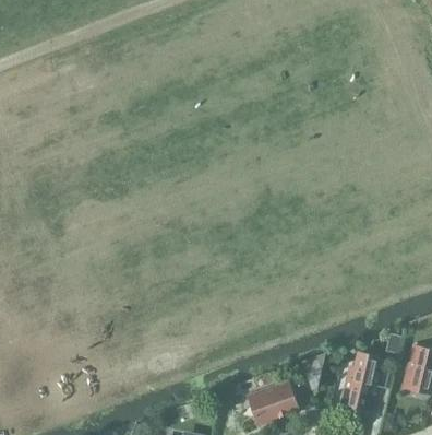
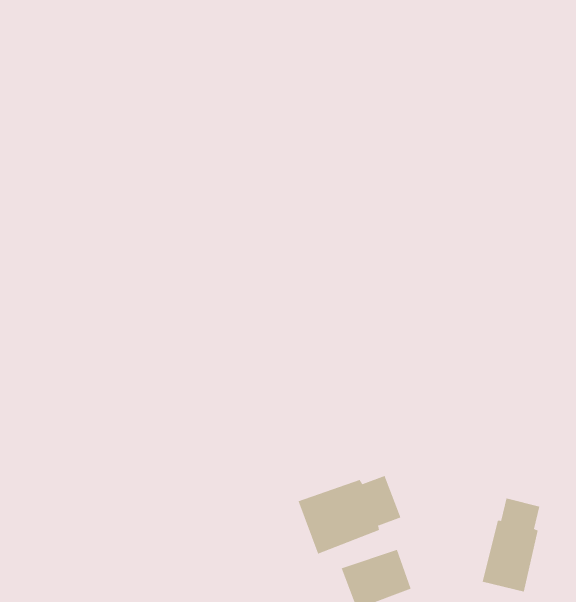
building: none -> [298,475,401,554]

